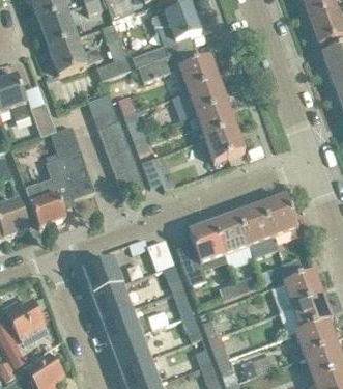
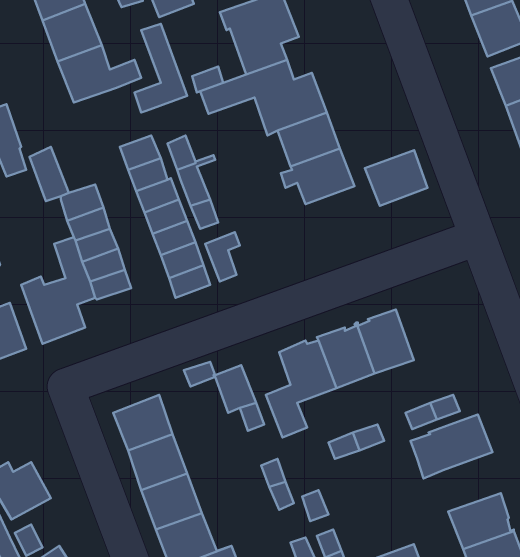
building: [205,127,245,162] -> [365,150,427,206]
building: [262,195,298,237] -> none
building: [292,295,332,332] -> none

